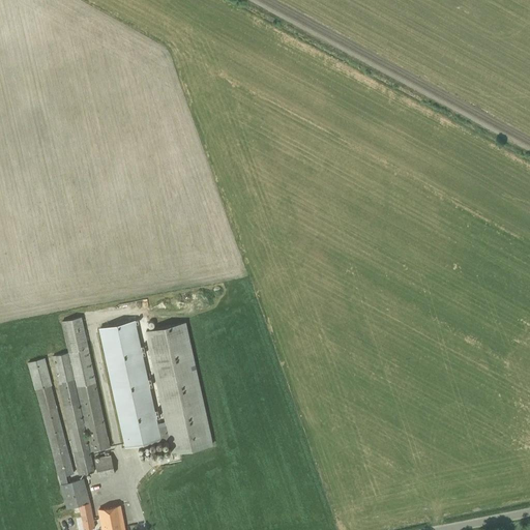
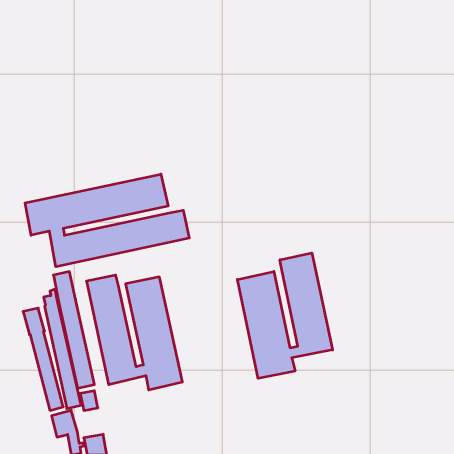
building: none -> [25,174,189,267]
building: none -> [237,253,333,378]

